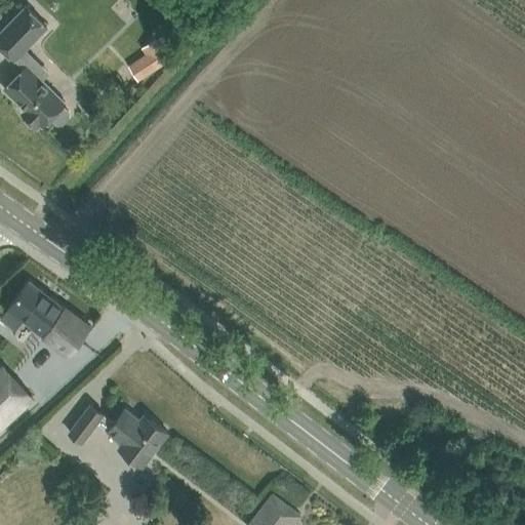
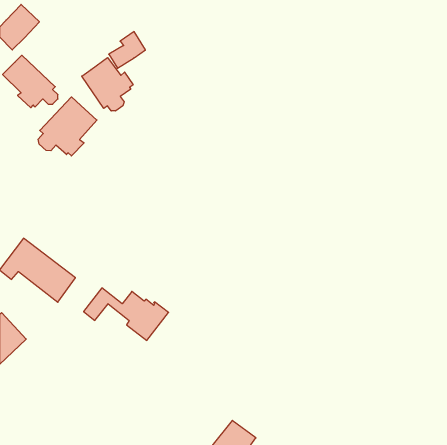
building: none -> [82,58,133,111]
building: none -> [38,97,97,156]
building: [68,406,167,468] -> [84,288,169,340]

